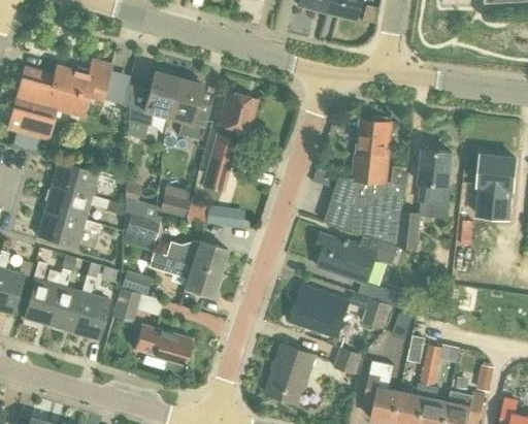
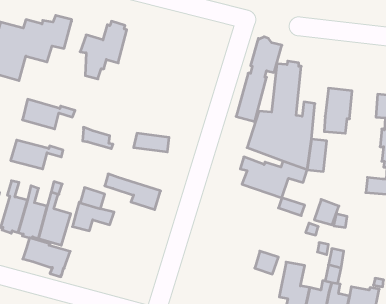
building: [167,73,213,139] -> none
building: [200,89,256,192] -> [236,37,282,122]
building: [158,185,189,218] -> none
building: [43,187,106,222] -> none
building: [125,214,159,240] -> none
building: [167,240,227,273] -> none
building: [291,285,349,336] -> none
building: [361,297,391,328] -> [314,199,339,225]
building: [133,323,191,370] -> [23,238,70,277]
building: [266,344,315,402] -> none

